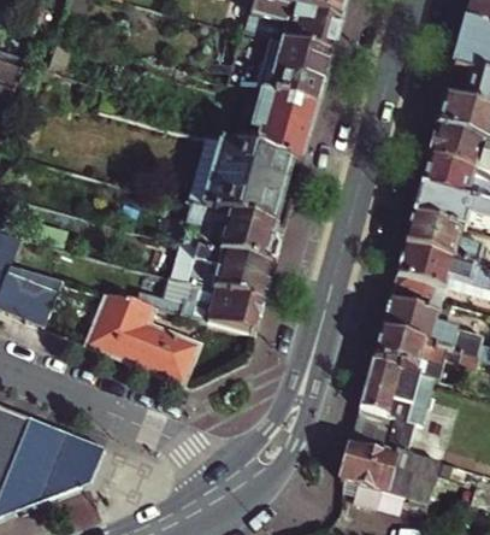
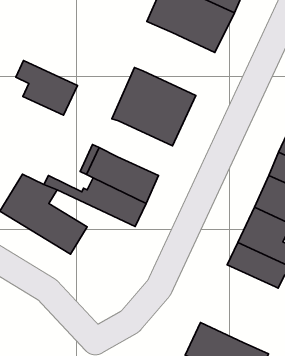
building: [232,92,315,163] -> none
building: [207,208,283,266] -> [16,60,78,115]
building: [352,360,435,451] -> none

